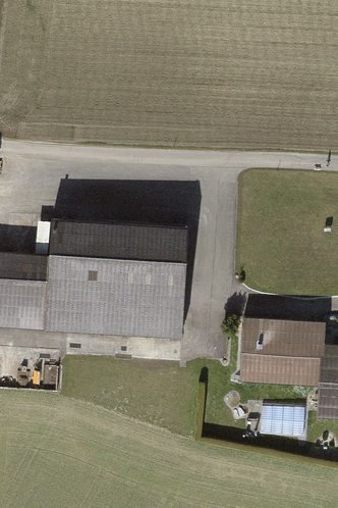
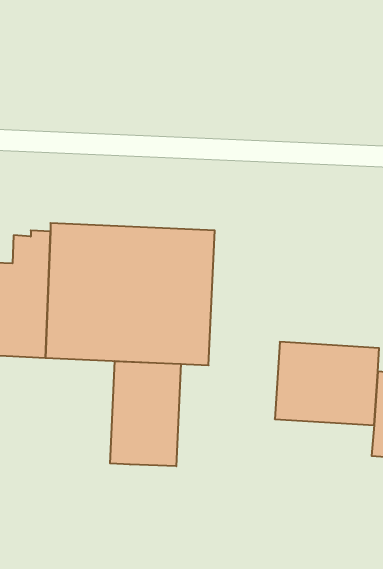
building: none -> [110,361,181,466]

